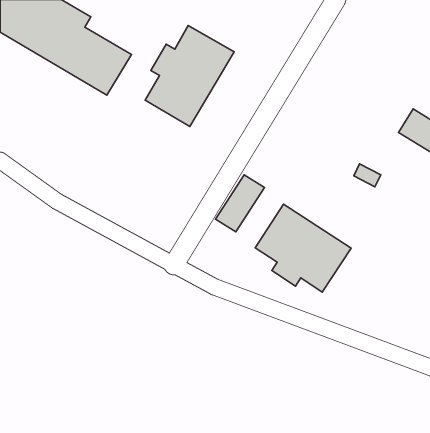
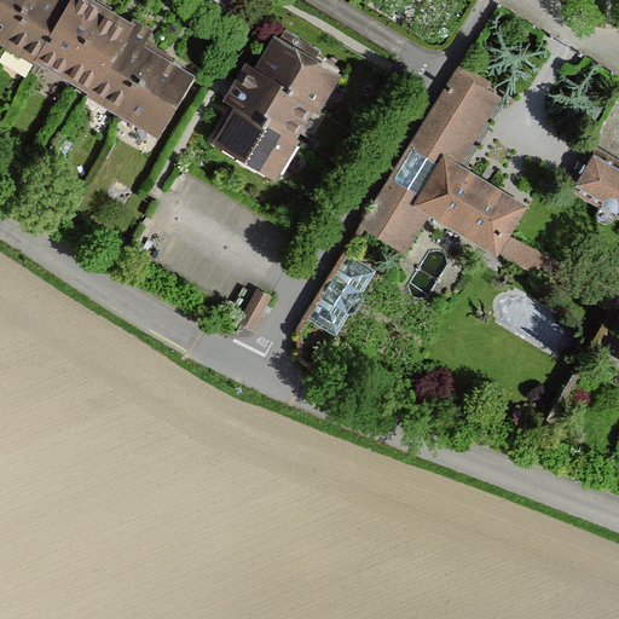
building: none -> [364,68,525,255]
building: [255,204,351,292] -> none

